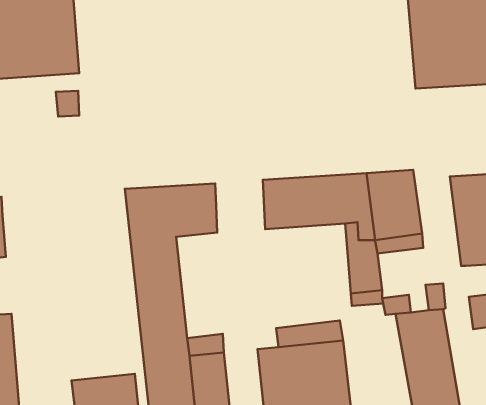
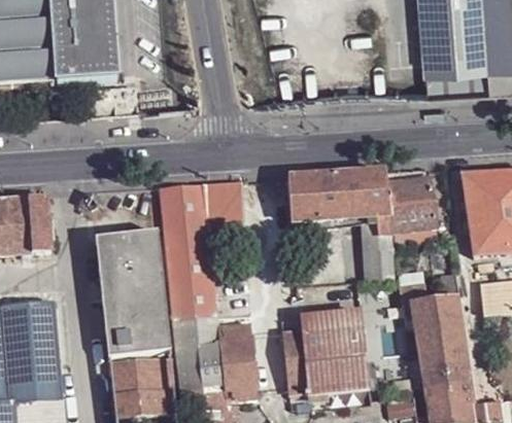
building: none -> [96,231,171,356]

